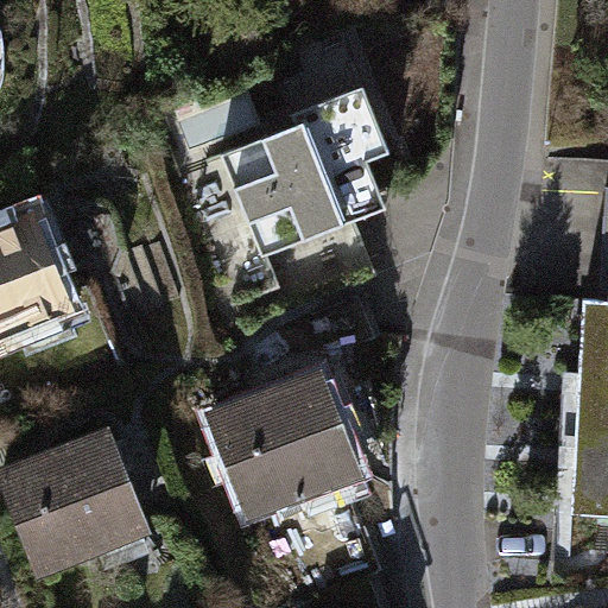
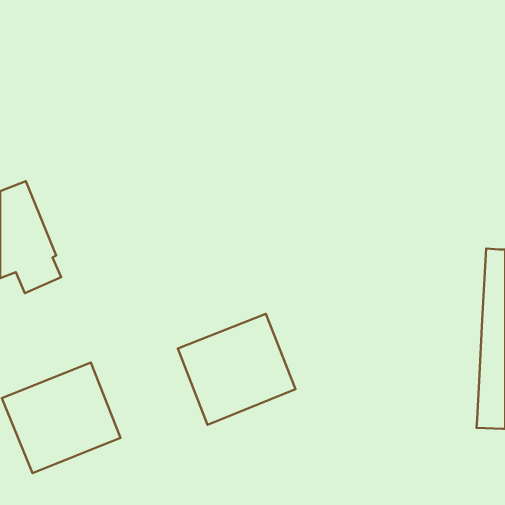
building: [221,86,390,256] -> none

